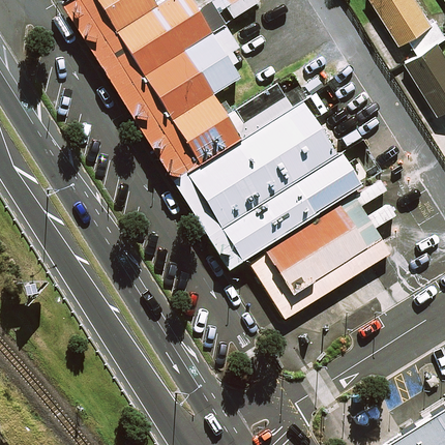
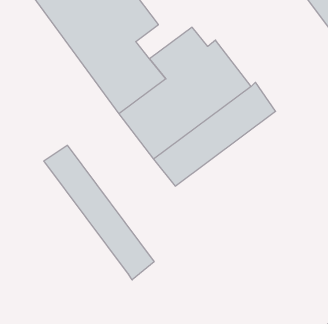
building: [246,198,388,322] -> none
building: none -> [44,145,154,280]

